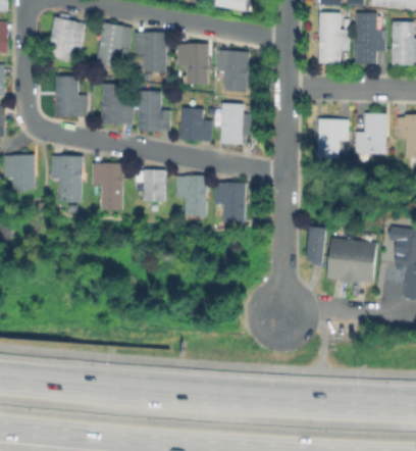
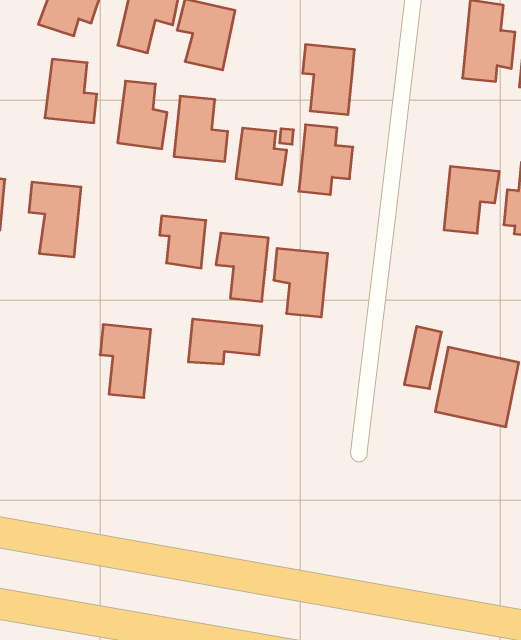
building: [177,43,209,84] -> none
building: [93,163,123,207] -> [100,325,151,398]
building: none -> [188,319,262,364]

